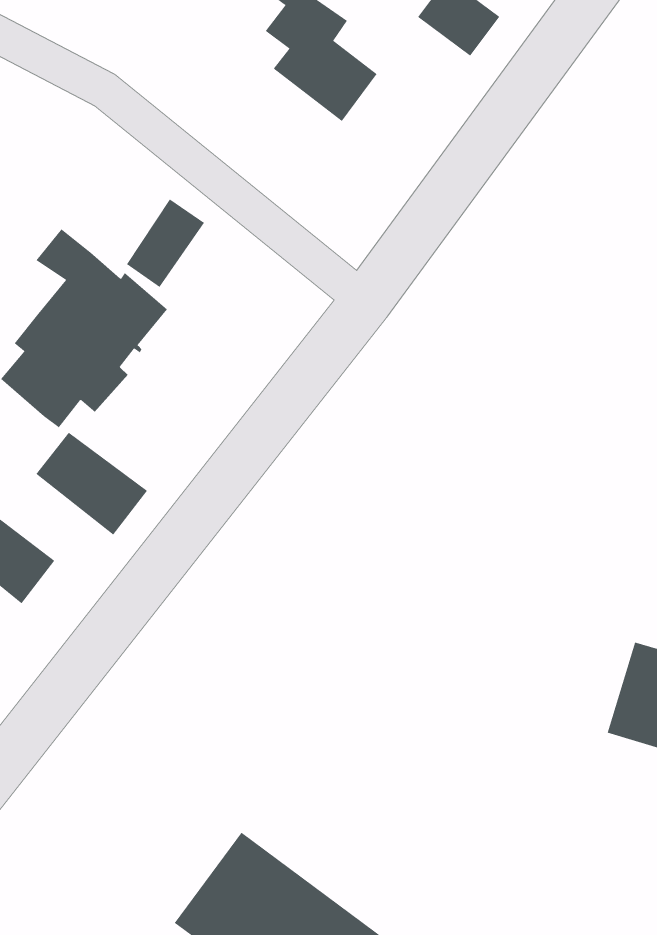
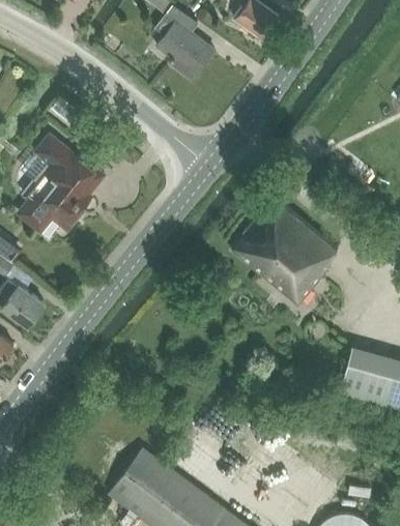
building: [126,198,205,288] -> none
building: none -> [229,196,337,306]
building: [35,432,148,535] -> none

